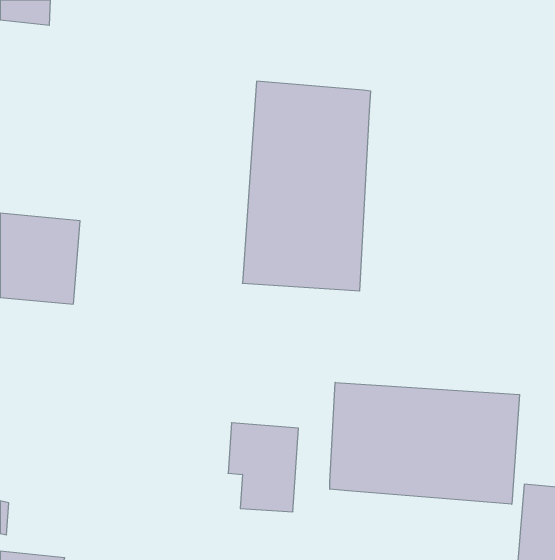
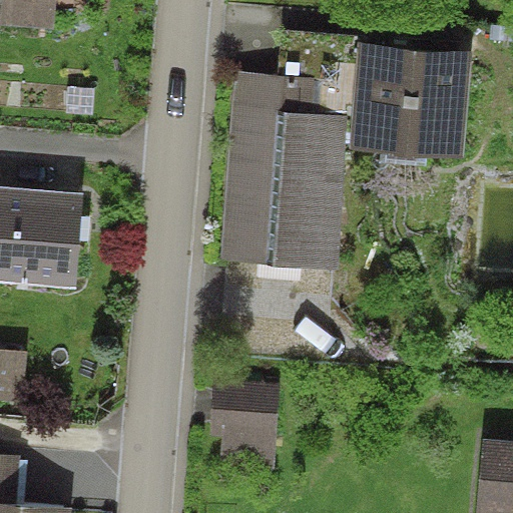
building: none -> [337,48,462,149]
building: [330,382,520,504] -> none

